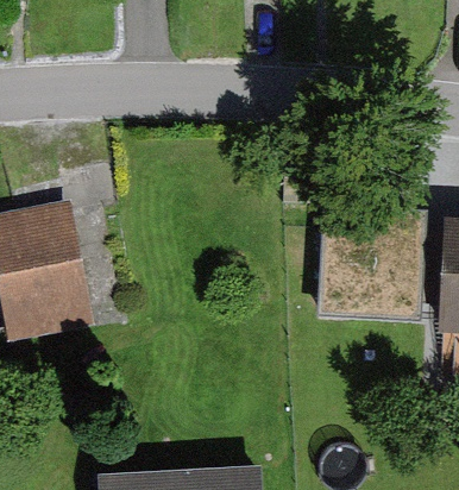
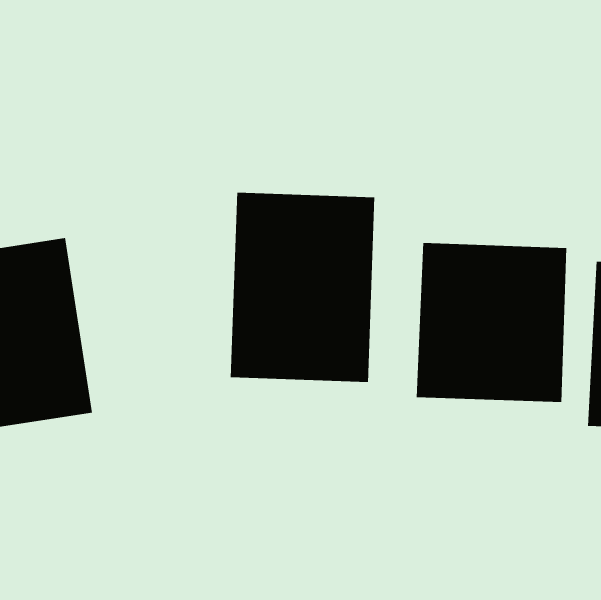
building: none -> [230,192,375,383]

